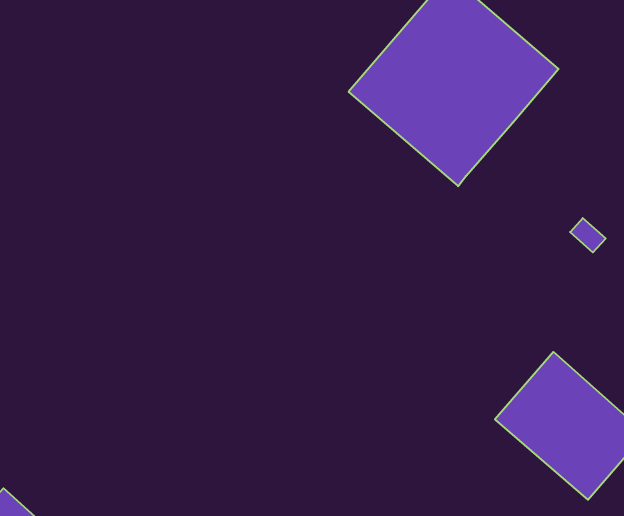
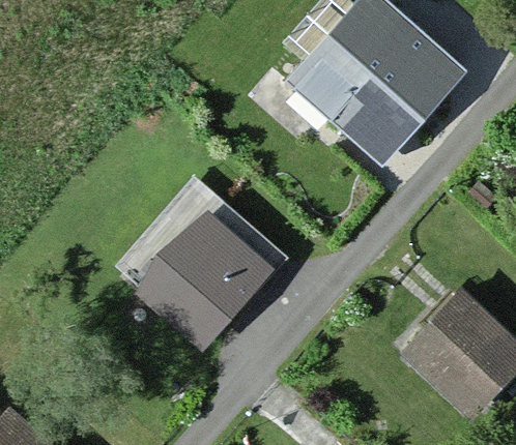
building: none -> [127,182,281,334]

